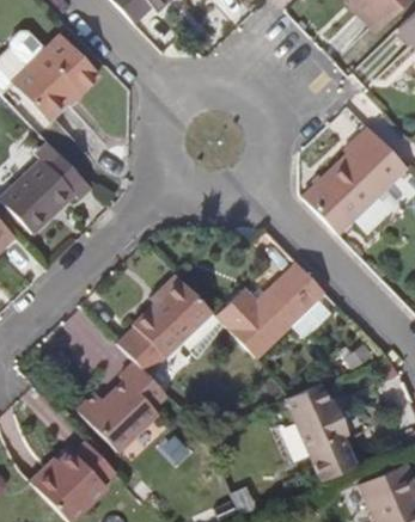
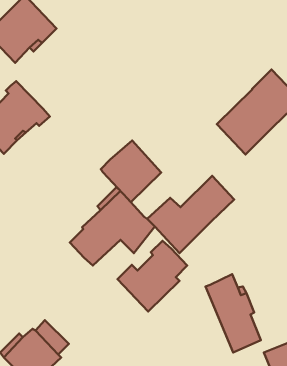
building: none -> [101,141,161,202]
building: [79,363,166,452] -> [118,241,187,312]

